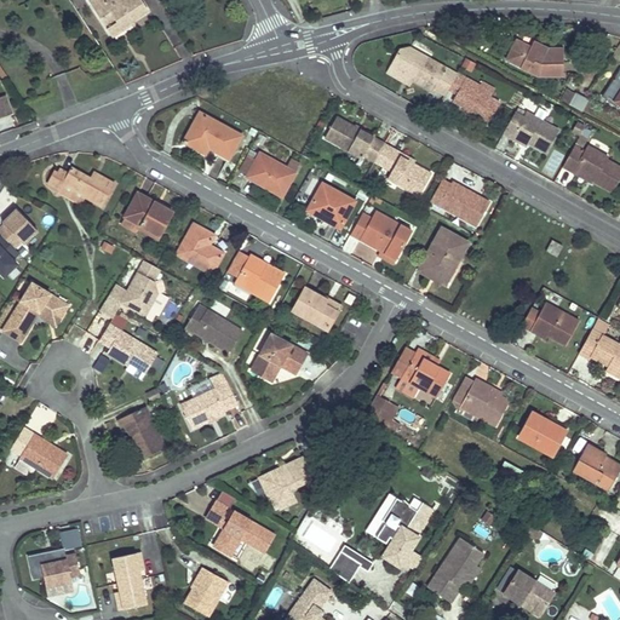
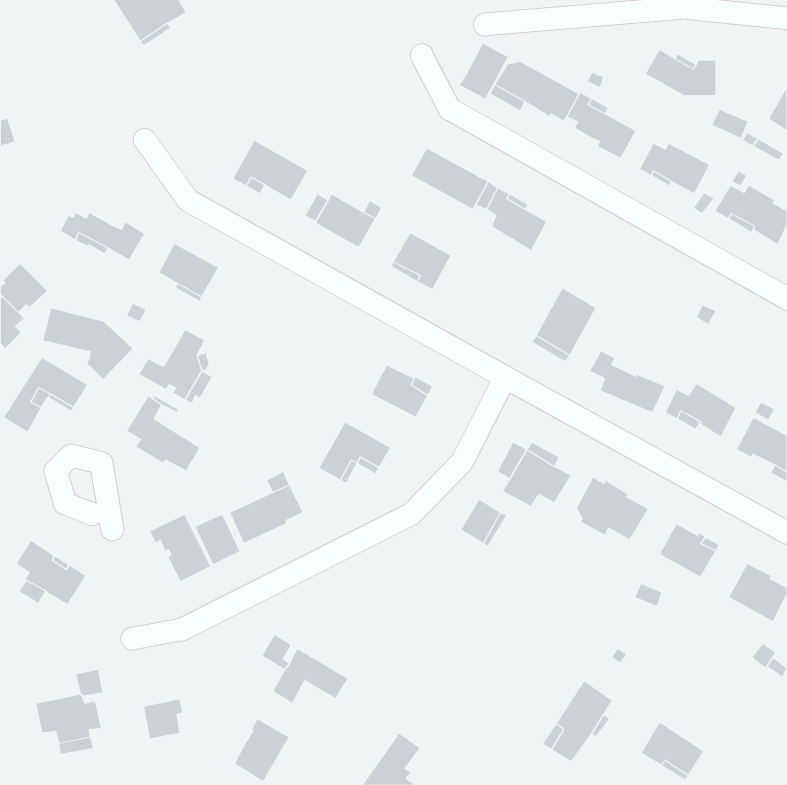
building: none -> [459,43,508,99]
building: [430,178,489,224] -> none
building: [351,209,412,263] -> none
building: [177,223,223,272] -> none
building: none -> [43,307,133,380]
building: [235,254,283,300] -> none
building: none -> [590,351,665,413]
building: [184,303,243,352] -> none
building: none -> [195,514,240,565]
building: [259,452,318,507] -> none
building: [374,496,432,566] -> none
building: [328,541,373,580] -> none
building: [116,576,148,608] -> none

